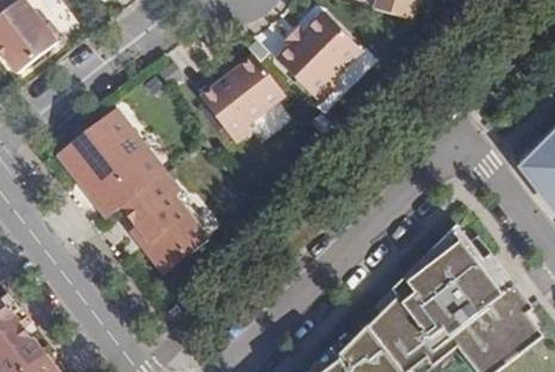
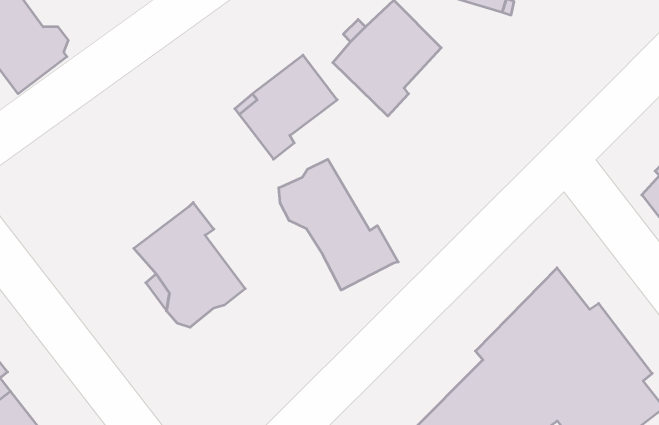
building: [58,109,162,218] -> none
building: none -> [279,159,398,290]

